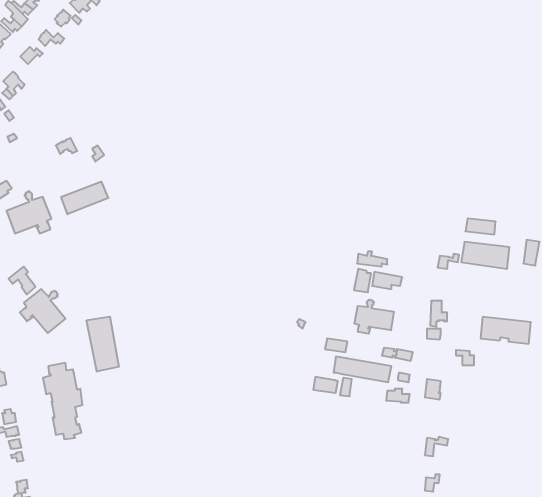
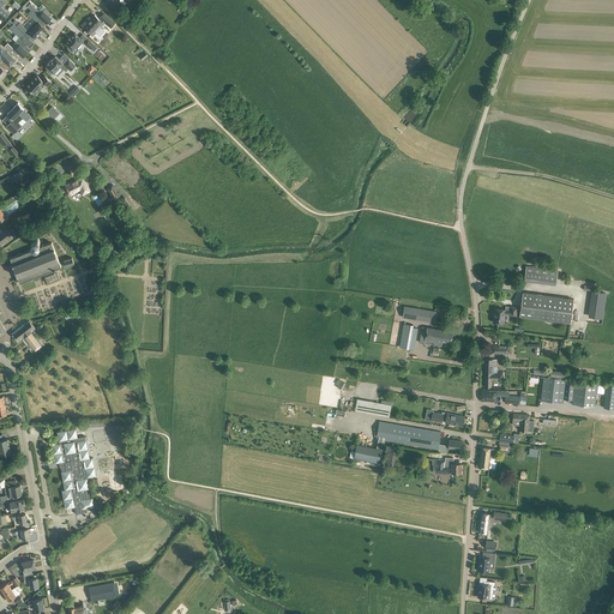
building: [61,182,108,214] -> none
building: [20,289,65,333] -> none
building: [355,300,394,334] -> none
building: [87,317,119,372] -> none

